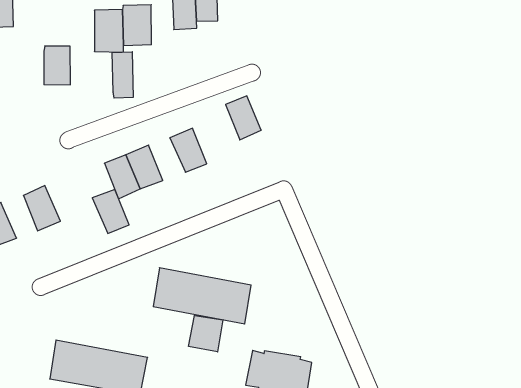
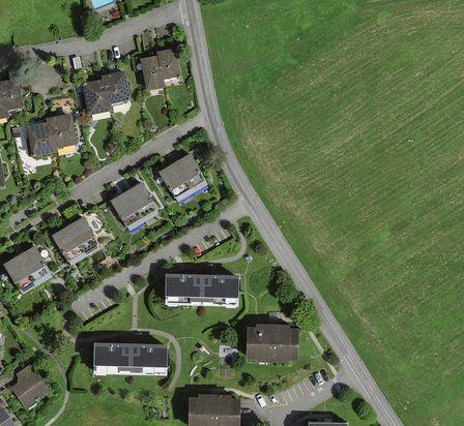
building: none -> [27,121,54,155]
building: [112,52,133,98] -> none
building: [226,96,261,140] -> [174,153,205,188]
building: [92,189,129,233] -> [66,216,98,251]
building: [189,315,223,352] -> none

